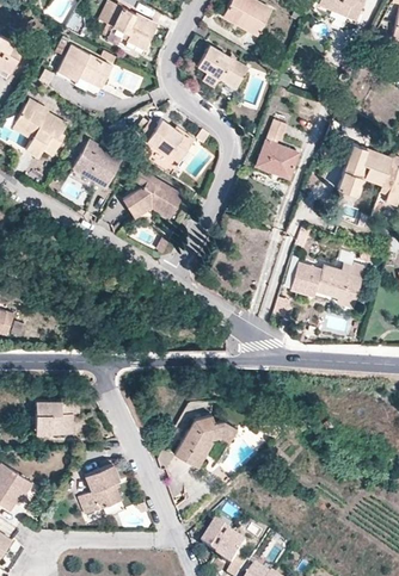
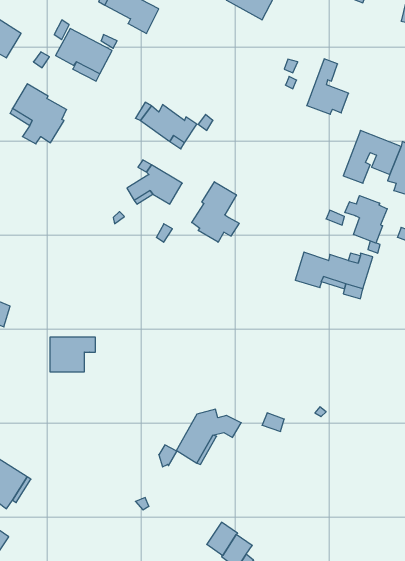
building: [196,44,247,88] -> none
building: [257,119,297,173] -> [307,59,349,114]
building: [72,140,122,186] -> none
building: none -> [192,182,239,242]
building: none -> [345,196,387,243]
building: [35,400,79,433] -> [50,337,95,372]
building: [78,463,121,514] -> none

